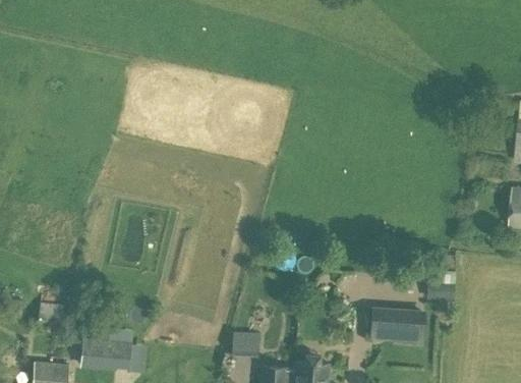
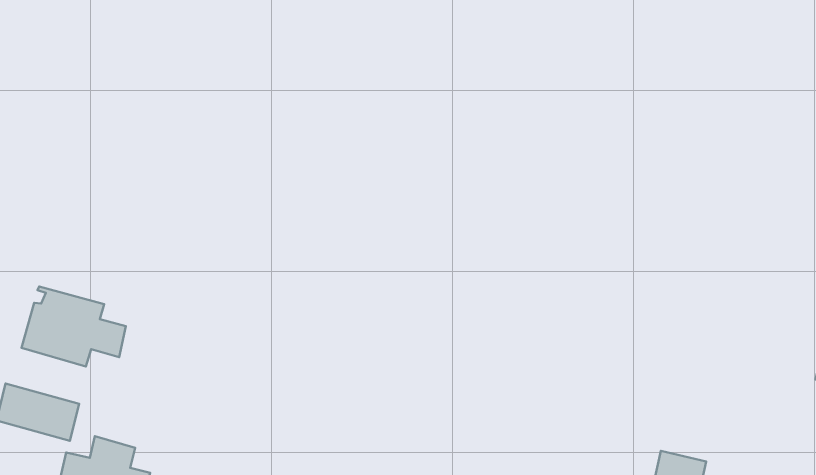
building: none -> [21,287,126,366]

